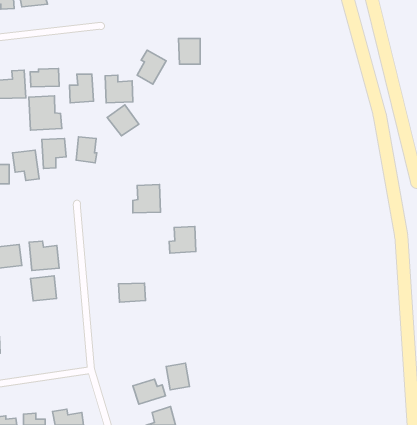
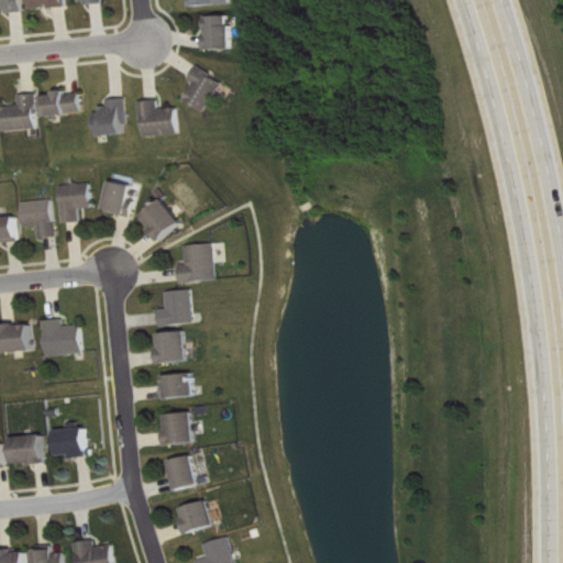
building: [179,38,200,64] -> [199,14,228,48]
building: [29,96,62,130] -> none
building: [107,105,139,136] -> [136,198,178,239]
building: [169,227,196,253] -> [154,289,189,324]
building: none -> [153,330,184,363]
building: [31,276,57,301] -> [49,424,84,457]
building: none -> [161,411,192,445]
building: none -> [7,434,40,464]
building: [166,363,190,390] -> [165,454,196,489]

